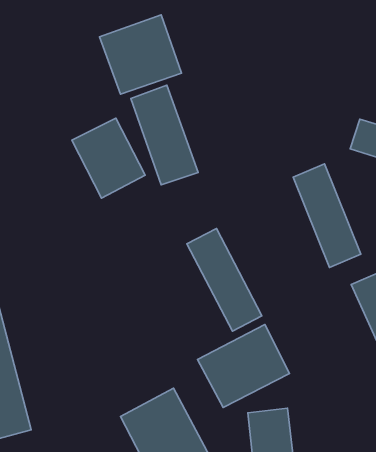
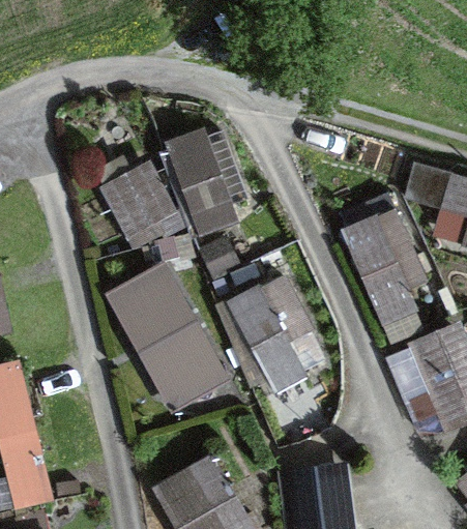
building: [100,15,181,94] -> none
building: none -> [103,259,230,413]
building: [198,325,290,408] -> none

